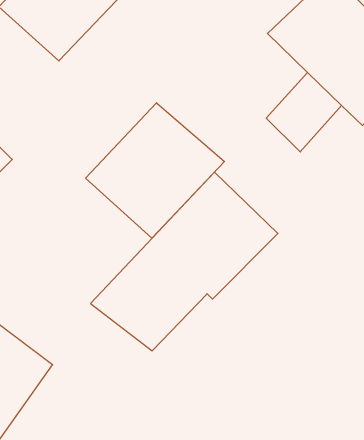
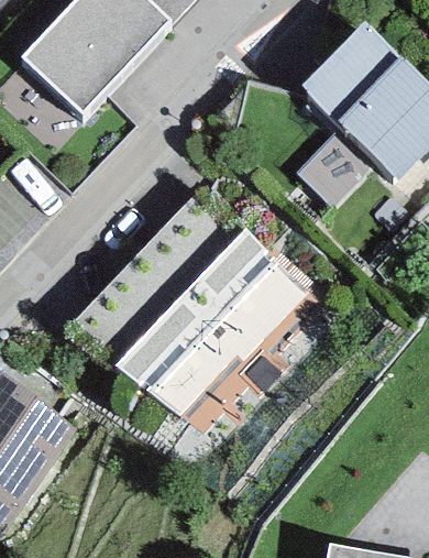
building: [86,103,224,238] -> none

